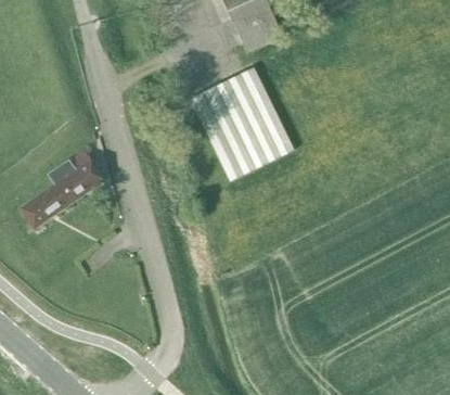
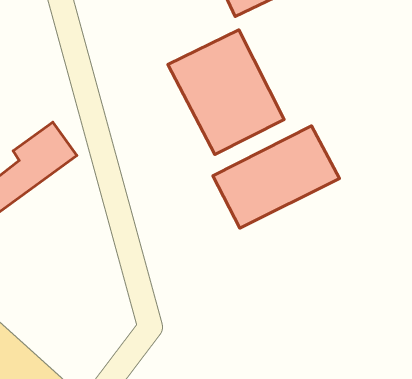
building: none -> [213,126,339,228]

